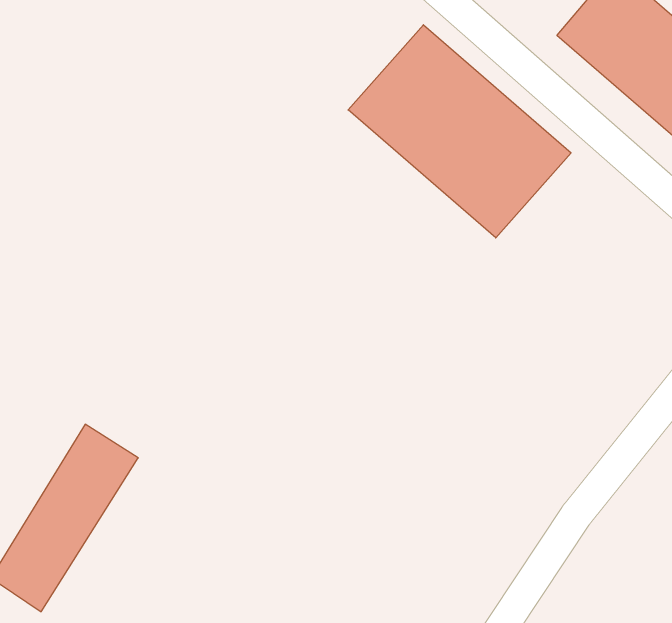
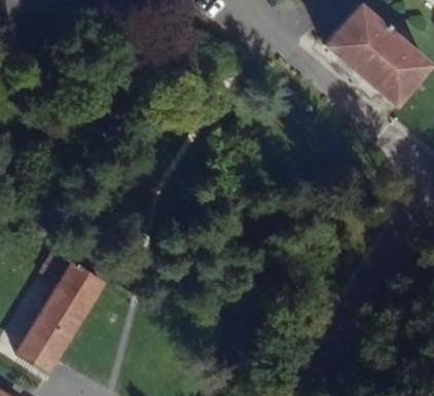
building: [348,25,571,238] -> none

